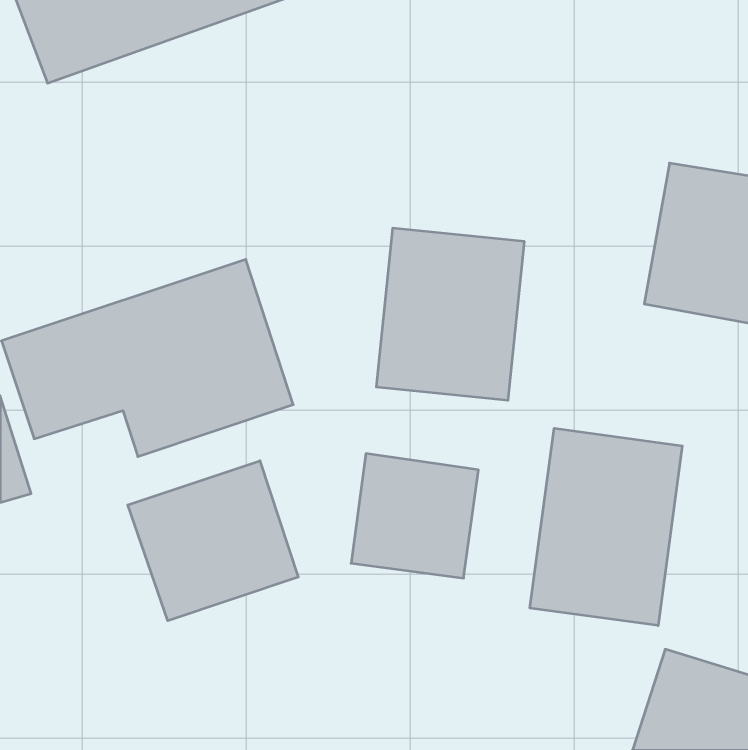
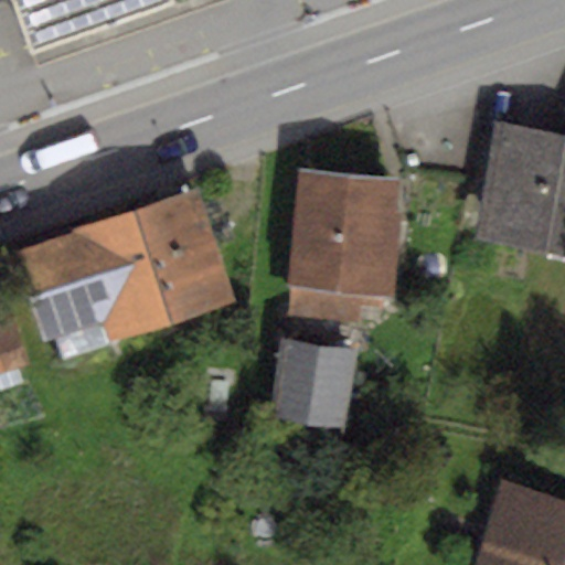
building: [530,428,682,626] -> none
building: [128,461,298,621] -> none

